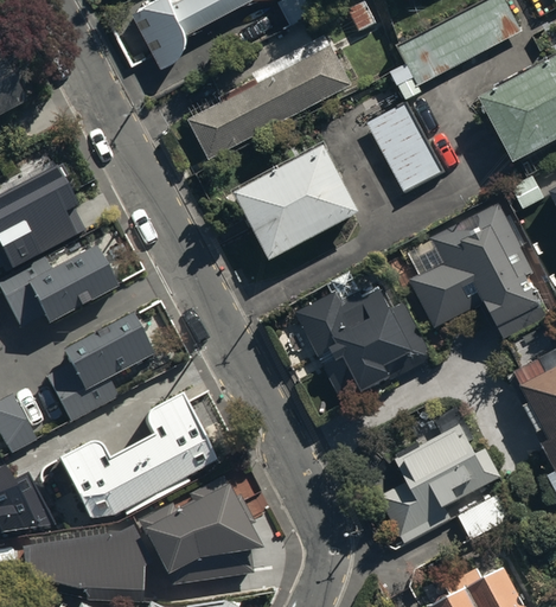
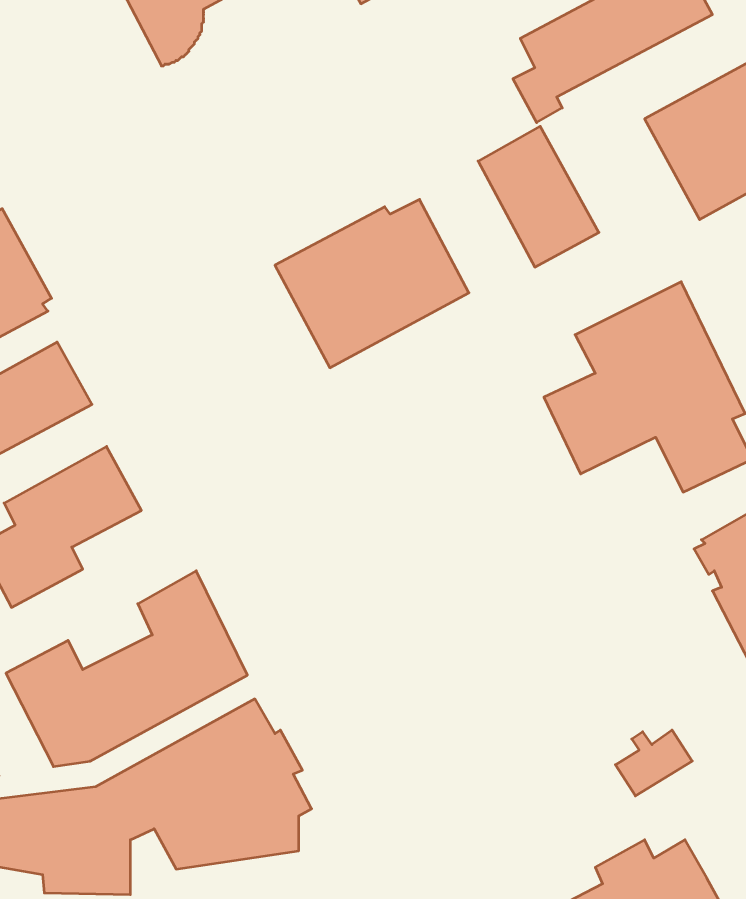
building: [191,34,354,159] -> none
building: [294,287,432,398] -> none
building: [378,407,499,543] -> none

